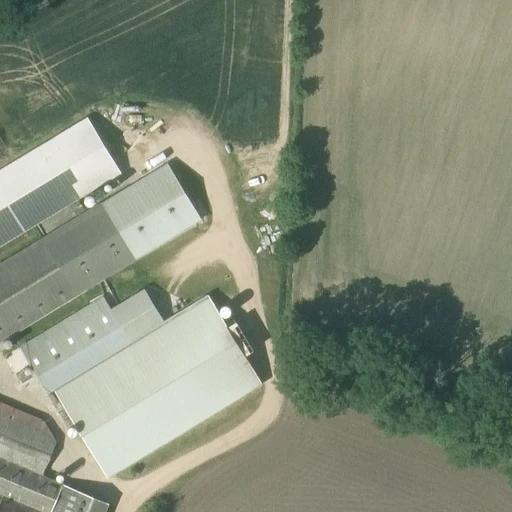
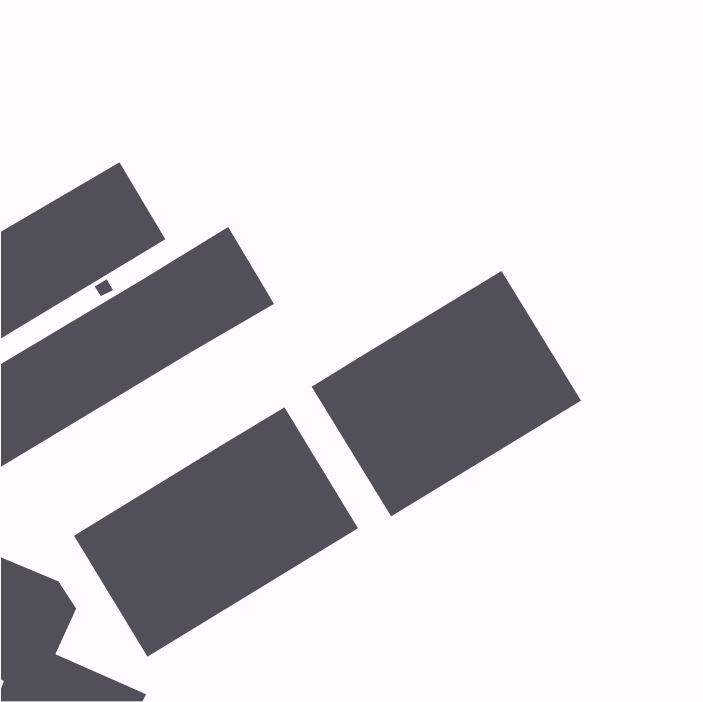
building: none -> [310,270,582,518]
building: [19,288,164,393] -> none

